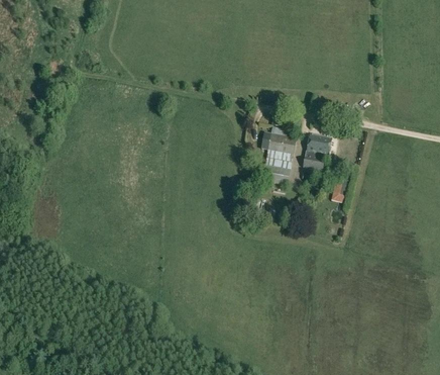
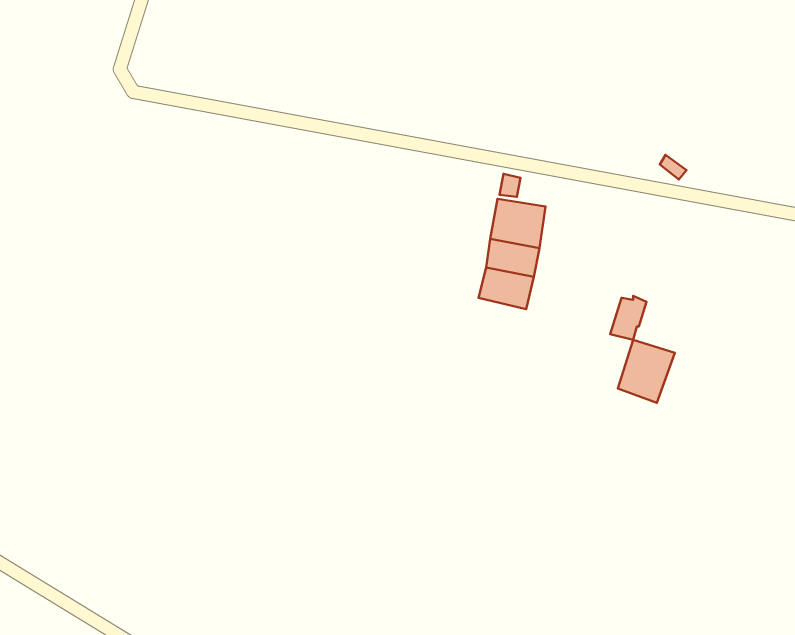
building: [303,134,329,169] -> none
building: none -> [618,340,675,403]

